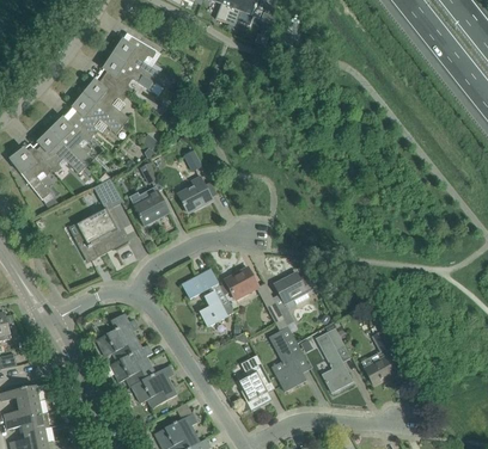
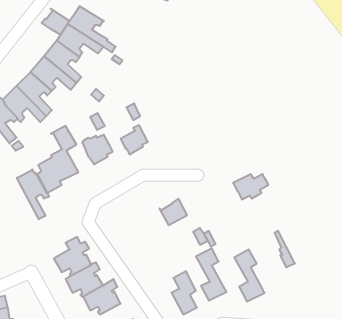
building: none -> [42,9,69,35]
building: none -> [17,169,49,219]
building: [181,267,232,326] -> none
building: [273,272,316,303] -> [233,174,268,200]
building: [364,355,397,385] -> none

